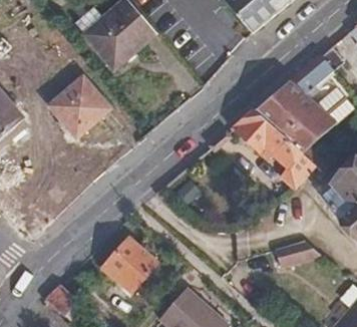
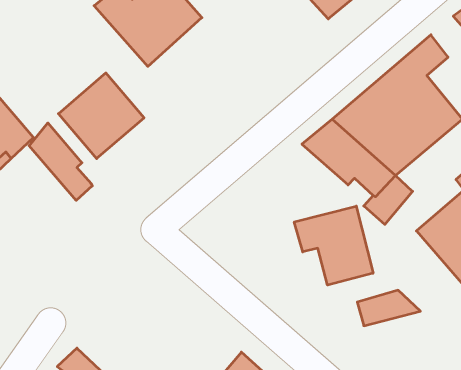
building: none -> [29,123,92,200]
building: none -> [294,206,373,285]
building: [100,236,156,292] -> none

